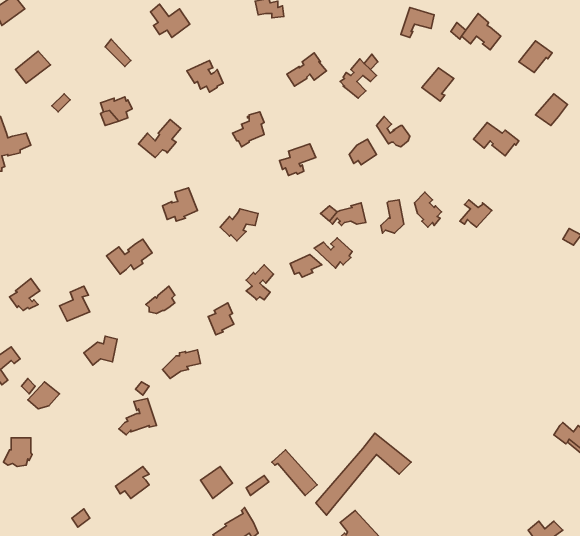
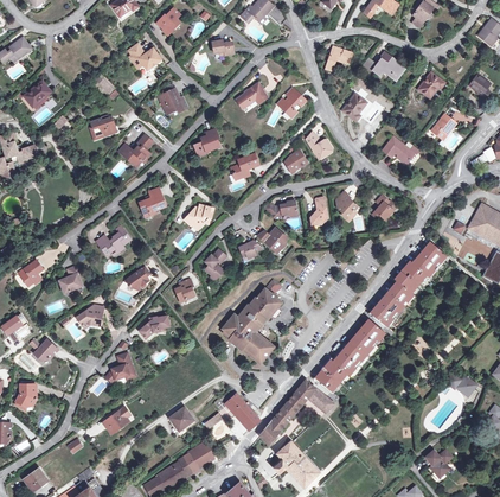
building: none -> [371,242,444,325]
building: none -> [222,280,281,362]
building: none -> [315,319,383,390]

